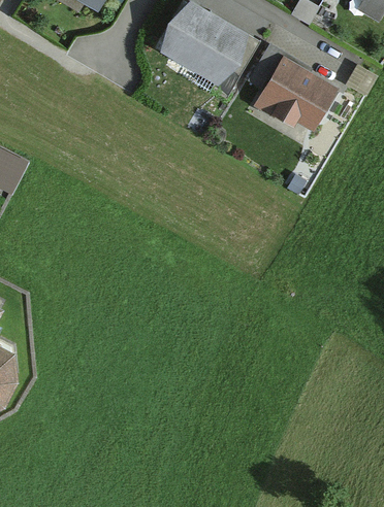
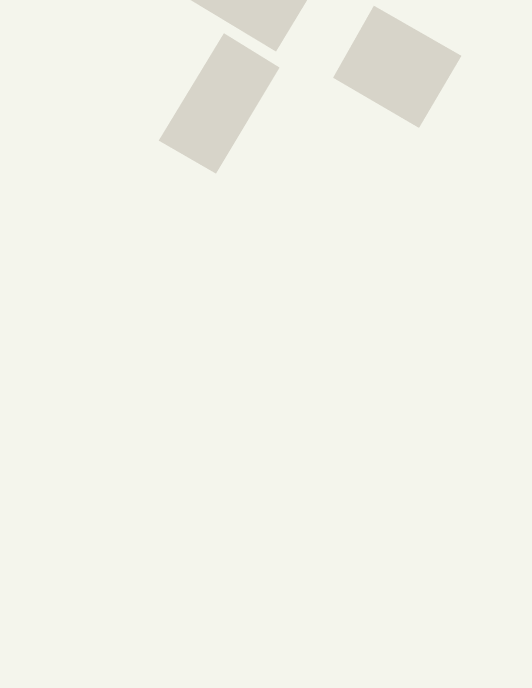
building: none -> [158,32,281,175]

